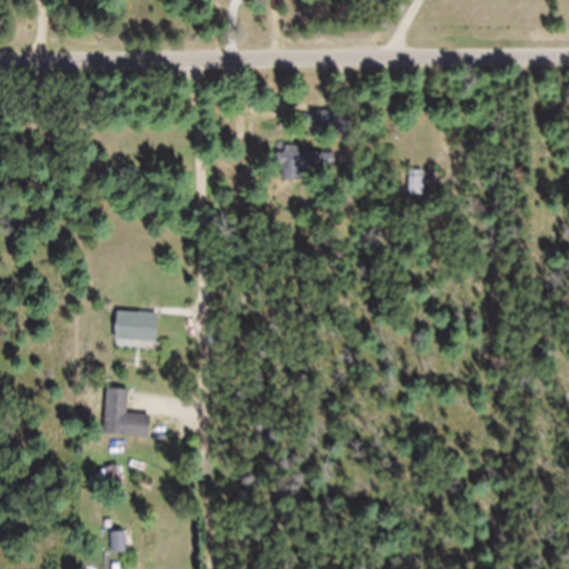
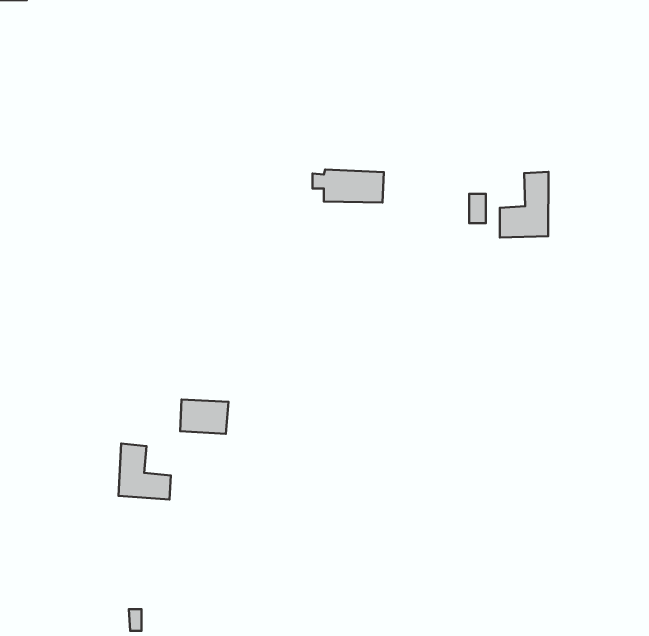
building: none -> [500,172,548,238]
building: [114,310,157,340] -> [180,399,229,434]

